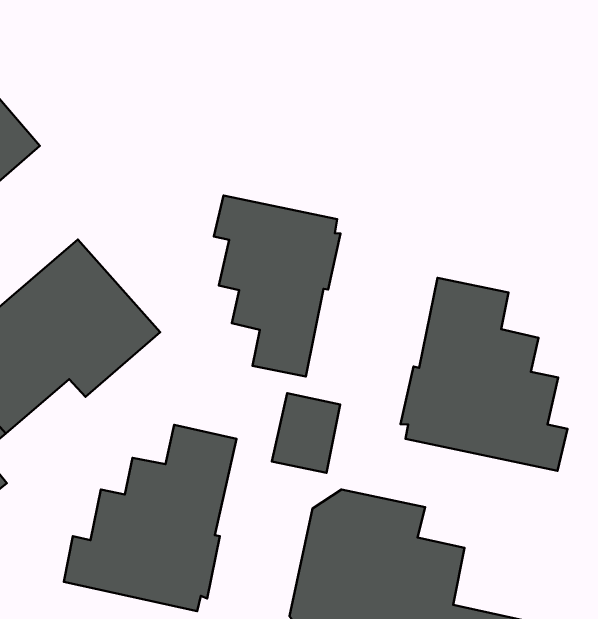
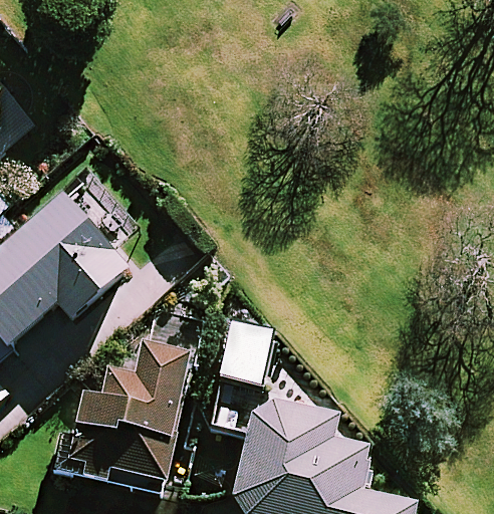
building: [214,195,341,377] -> none
building: [400,278,568,471] -> none

